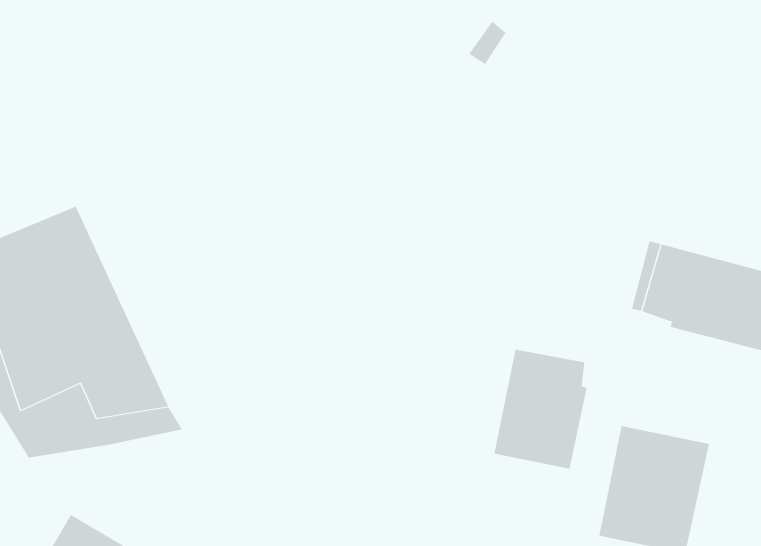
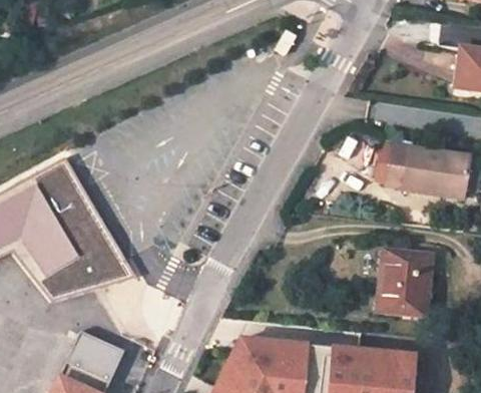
building: [494,349,587,469] -> none

